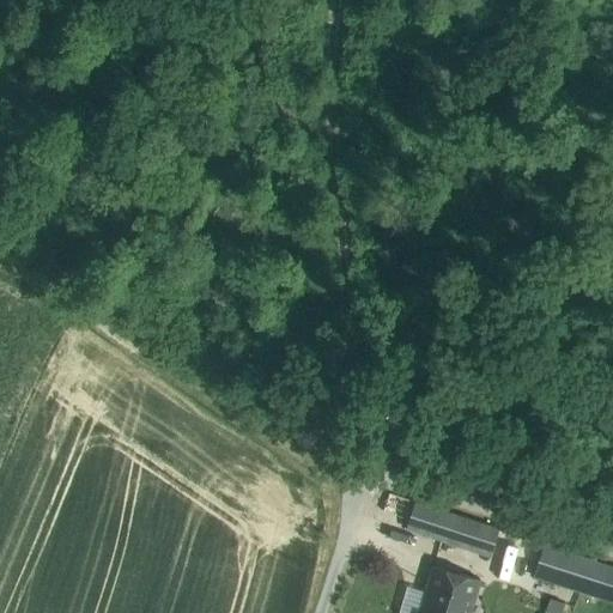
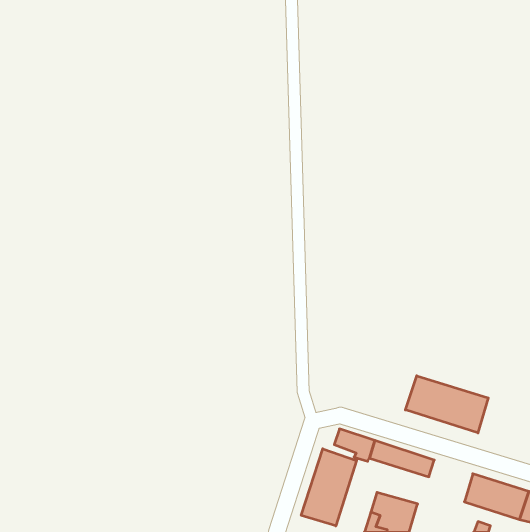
building: none -> [405,376,488,433]
building: none -> [301,449,357,526]

